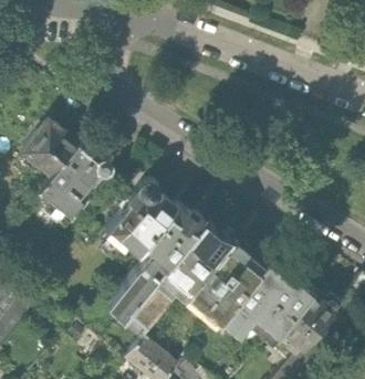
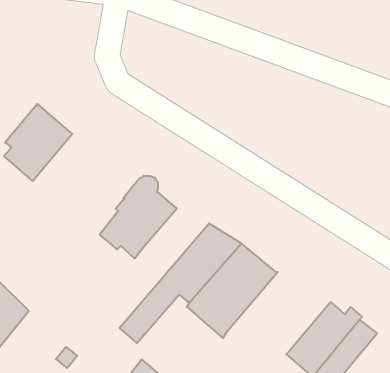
building: [39,139,116,222] -> none
building: [105,202,201,315] -> none
building: [218,257,310,331] -> none

